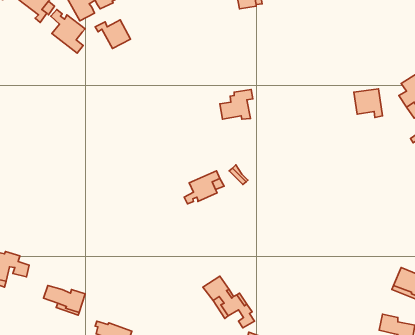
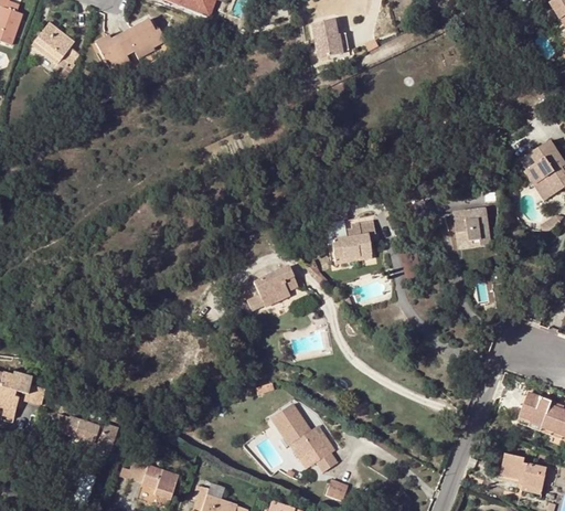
building: [51,9,85,53] -> none
building: [95,20,131,49] -> none
building: [354,89,383,118] -> [452,209,490,246]
building: [220,90,253,119] -> [331,221,374,259]

